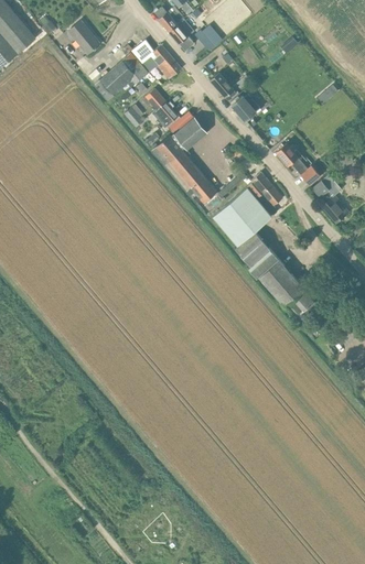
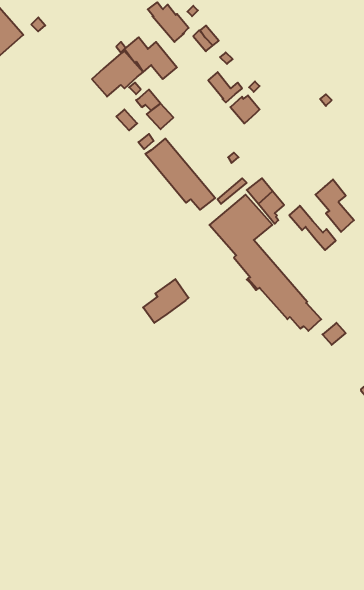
building: [67,20,100,54] -> none
building: [169,112,207,150] -> none
building: [276,143,320,185] -> [289,206,336,250]
building: none -> [143,279,189,323]

